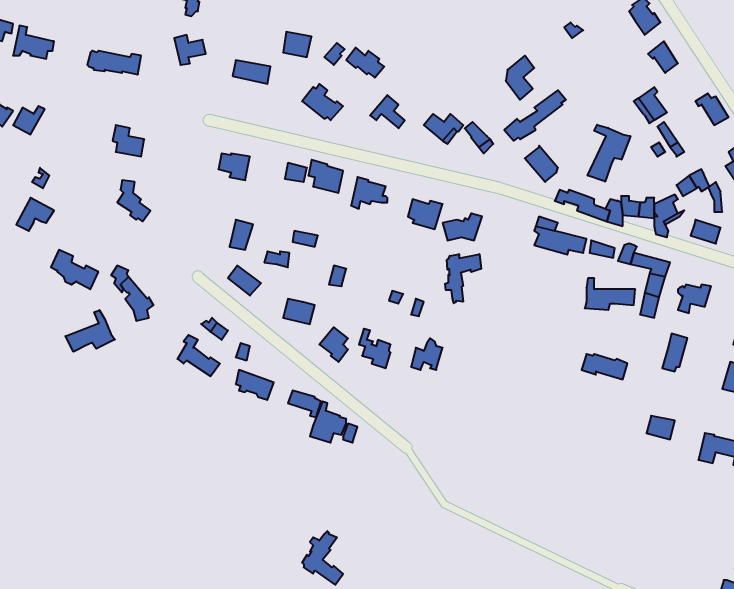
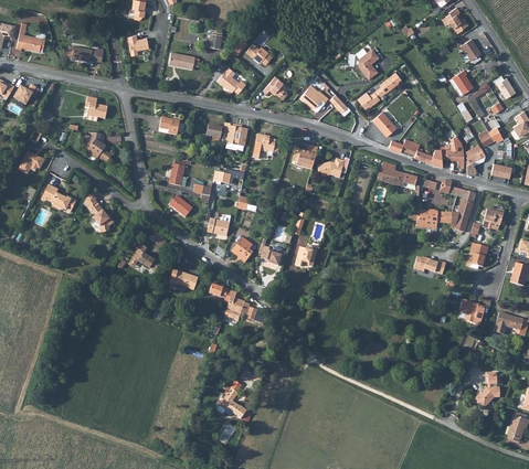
building: [588,125,630,182] -> none
building: [445,254,481,303] -> none
building: [65,310,115,352] -> none
building: none -> [474,370,499,406]

